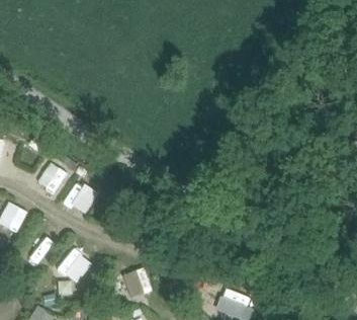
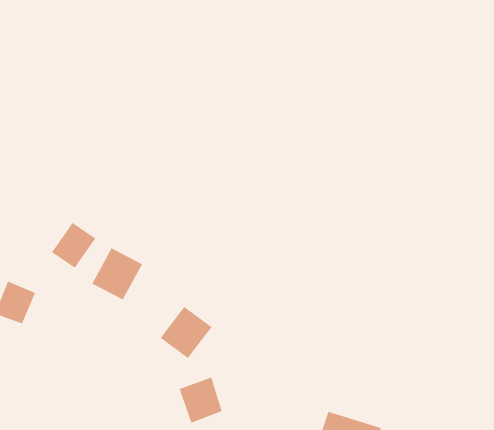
building: [57,248,92,284] -> [160,306,212,359]

